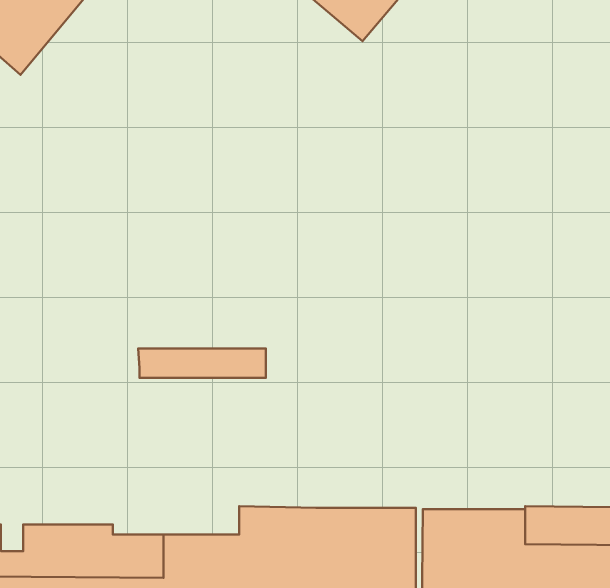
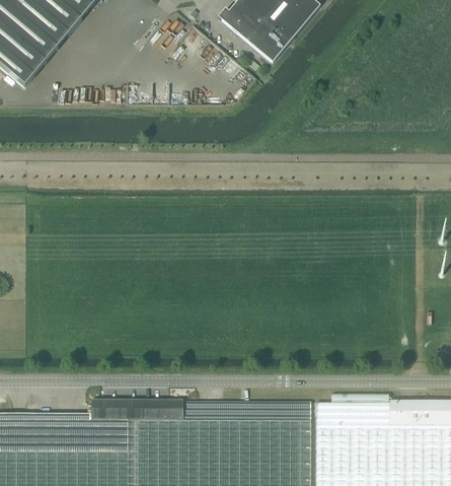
building: [138,349,266,378] -> [89,402,181,423]

